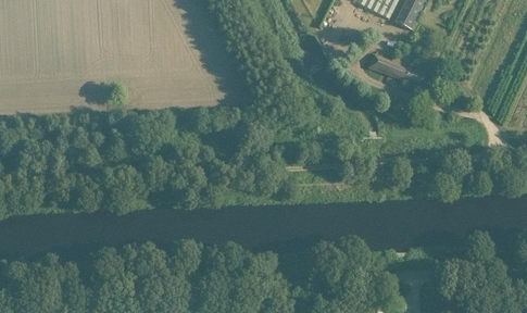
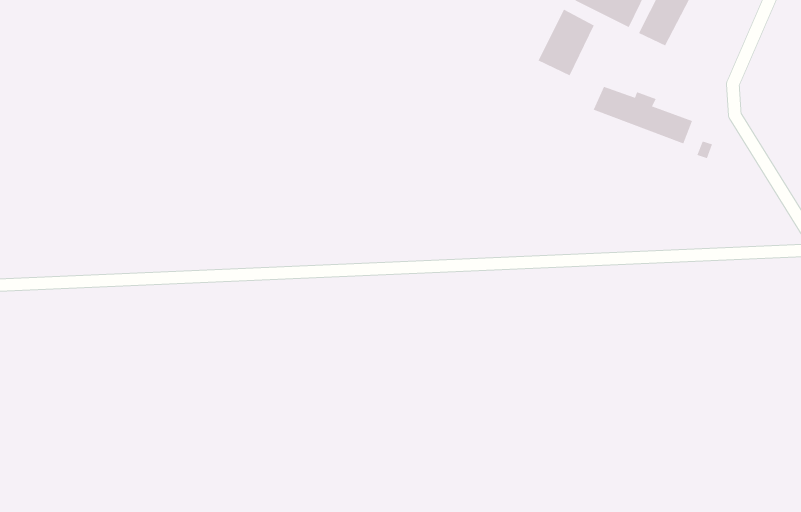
building: none -> [538,9,594,76]

